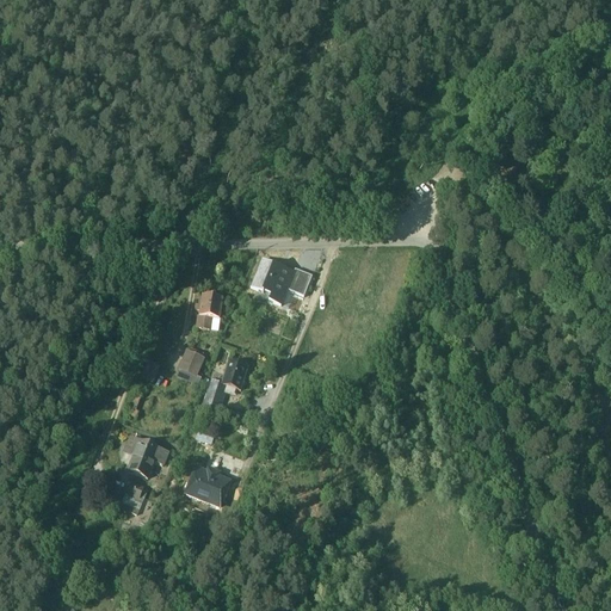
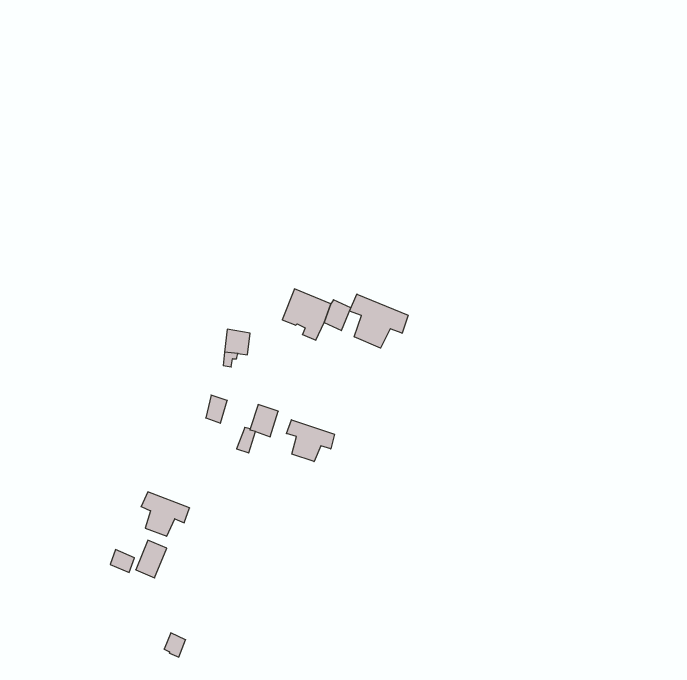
building: none -> [350,294,408,348]
building: none -> [286,420,335,462]
building: [190,469,229,506] -> none

